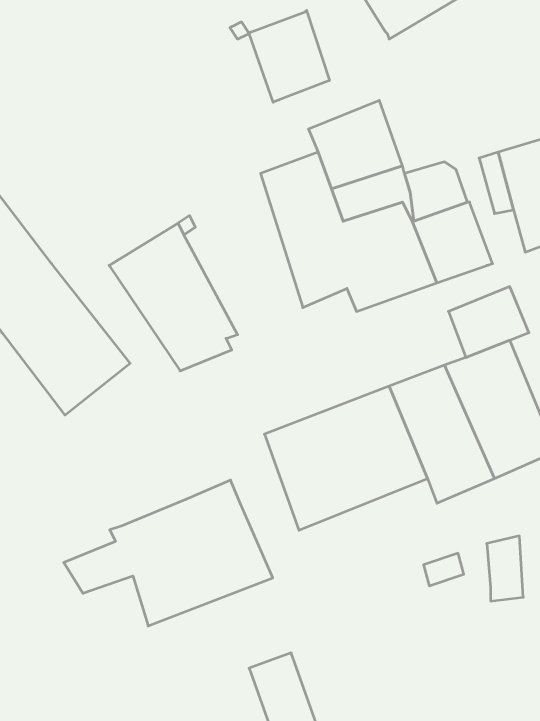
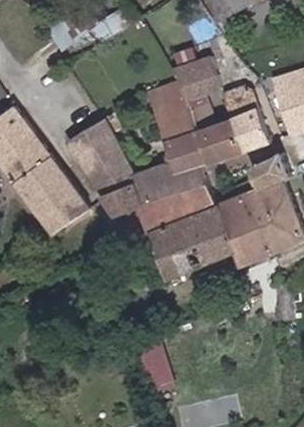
building: [249,10,329,102] -> none
building: [64,480,273,626] -> [106,155,216,232]

